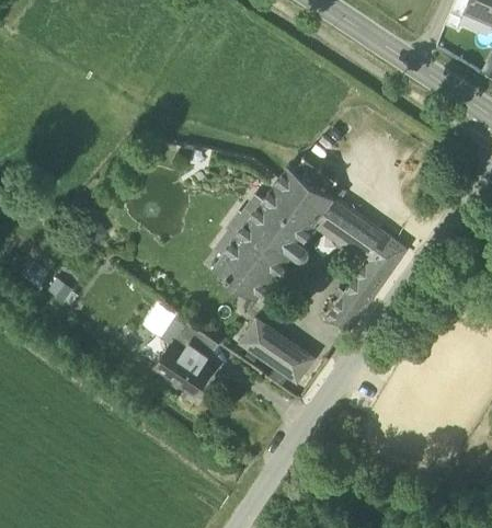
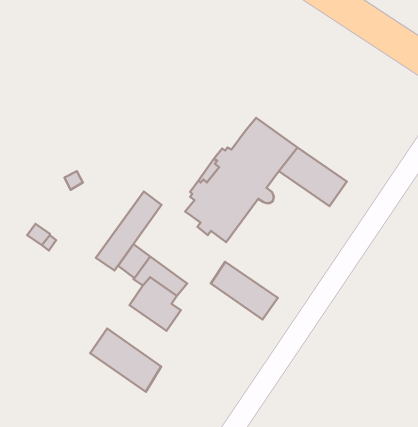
building: [327,234,409,336] -> none
building: none -> [96,192,162,271]
building: none -> [90,328,161,392]

